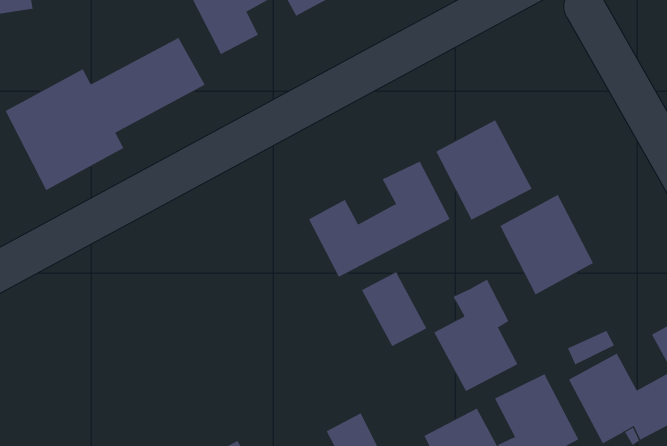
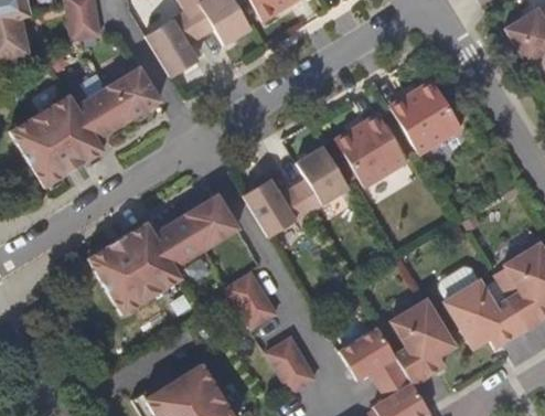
building: [500,194,594,295] -> [389,79,461,156]
building: none -> [89,194,238,313]
building: [361,272,427,347] -> [226,273,277,329]
building: [434,279,518,392] -> none

